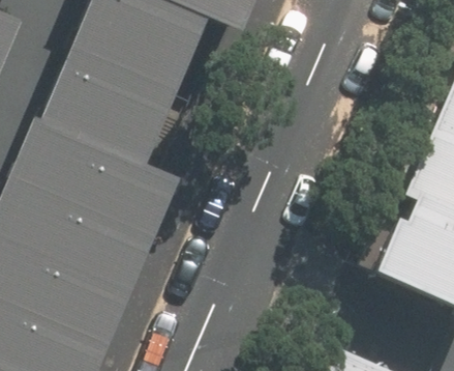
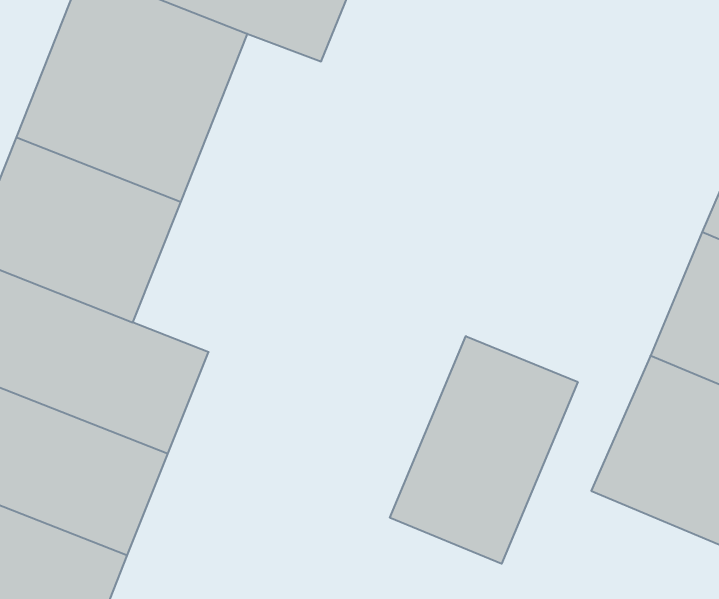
building: none -> [390,336,578,564]

